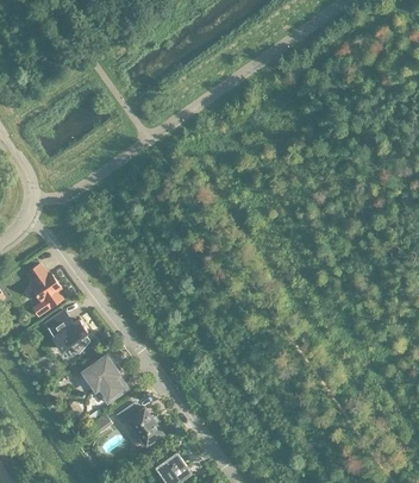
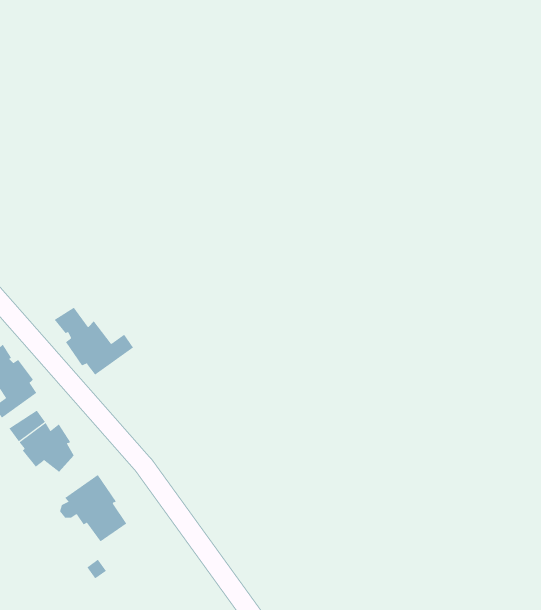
building: none -> [54,307,134,375]
building: [114,403,162,446] -> none

